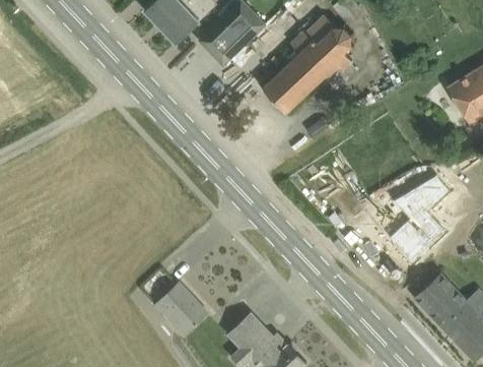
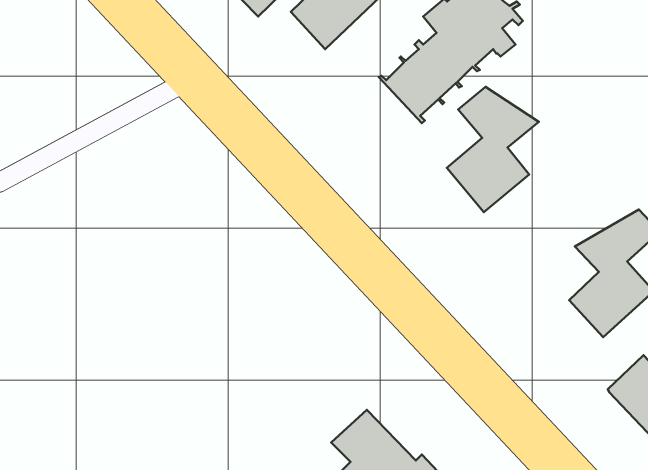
building: none -> [447,87,539,212]
building: [156,283,208,334] -> none

